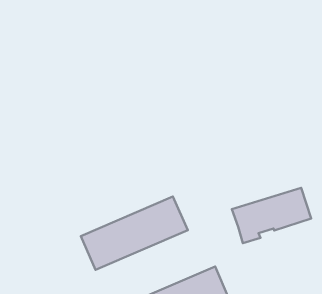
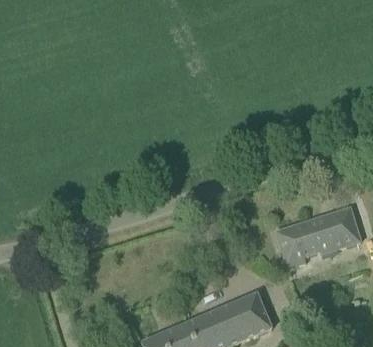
building: [81,196,188,270] -> none

